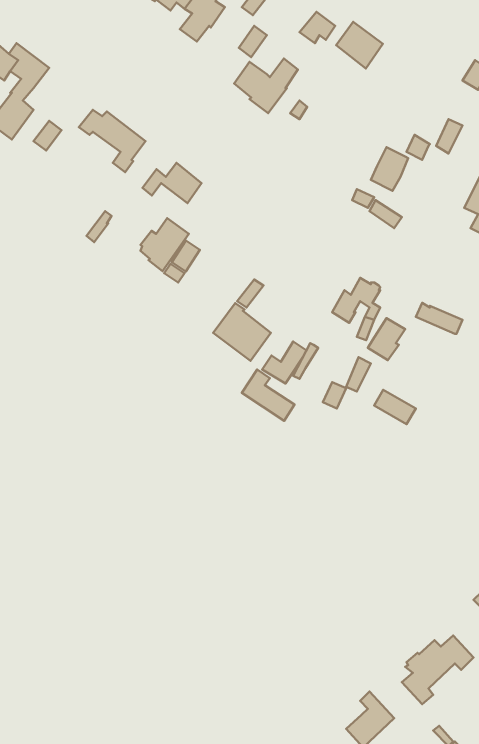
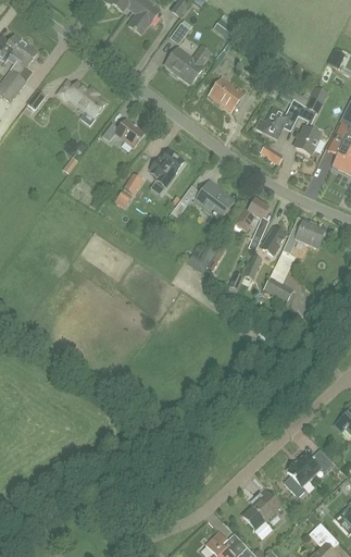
building: [336,22,383,69] -> [210,77,242,110]
building: none -> [294,126,325,153]
building: [141,218,189,271] -> [150,149,184,186]
building: [213,303,271,361] -> [193,180,234,220]
building: none -> [283,225,322,252]
building: [242,369,294,421] -> none

